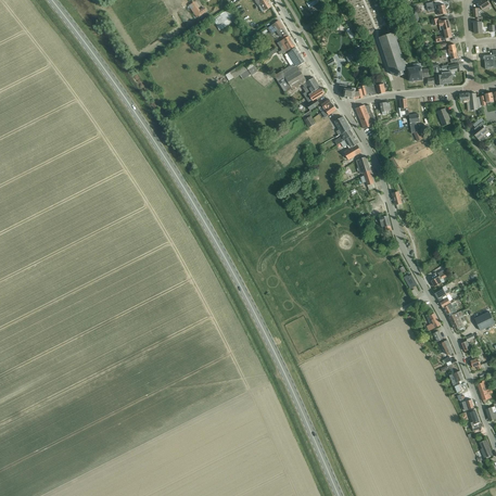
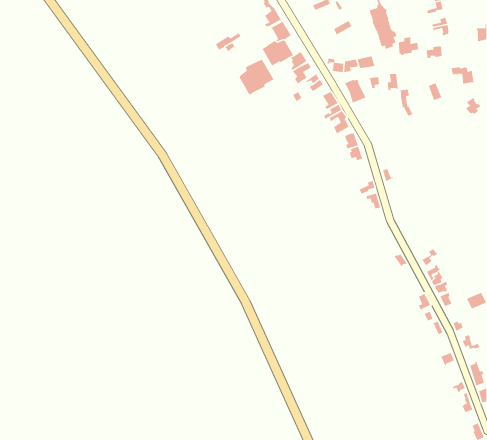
building: none -> [239,58,275,96]

